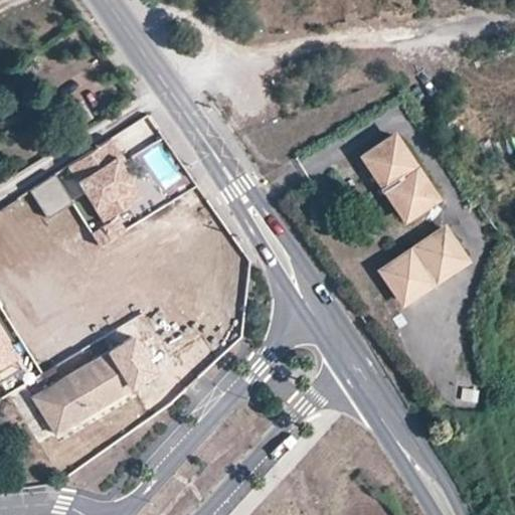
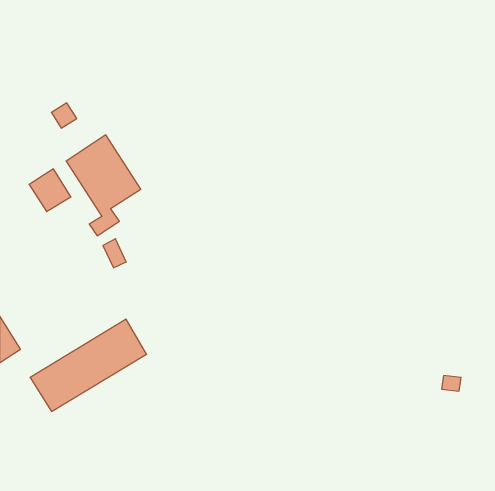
building: [364,139,431,211] -> none
building: [385,235,459,297] -> none

